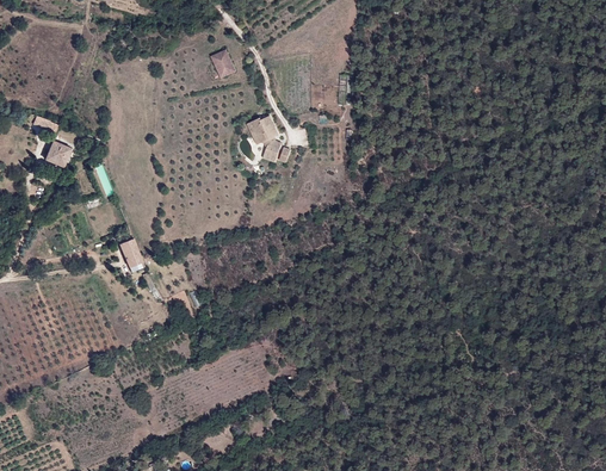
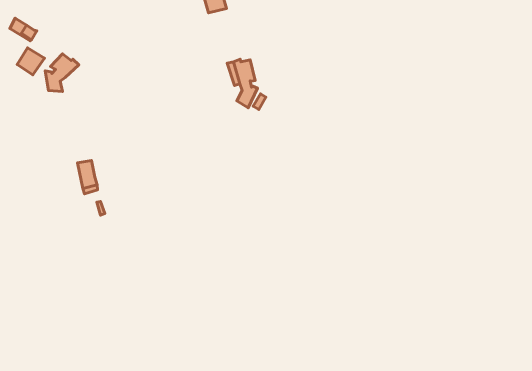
building: none -> [45,54,79,92]

